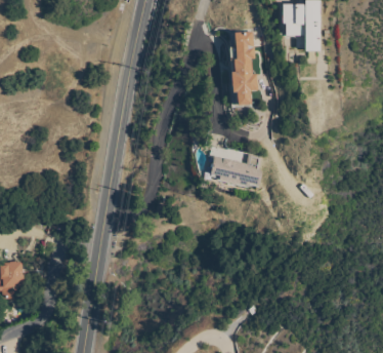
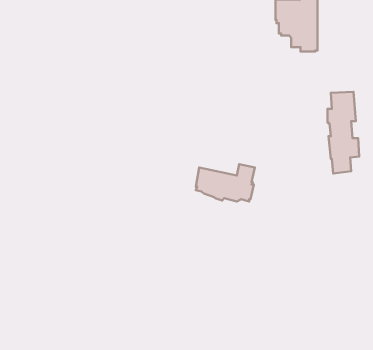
building: [229,31,258,105] -> [327,92,359,174]

